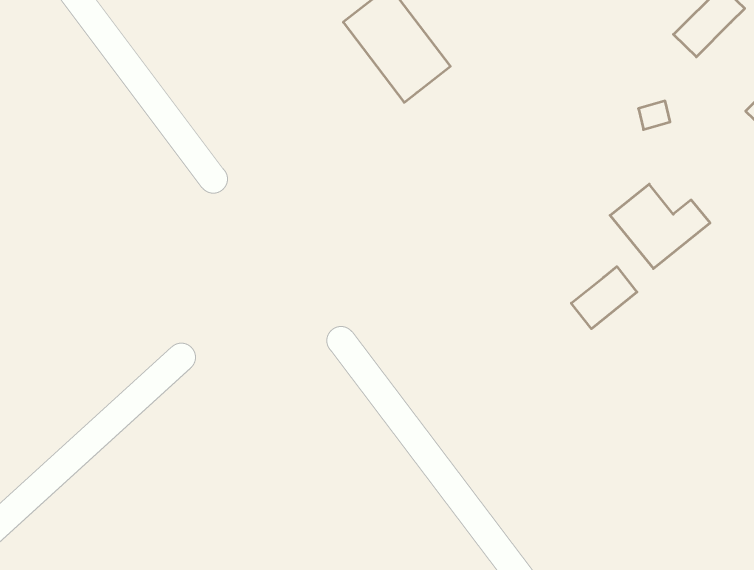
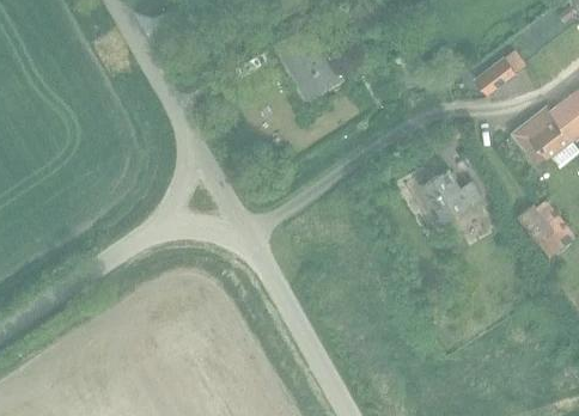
building: [571,267,637,329] -> none

